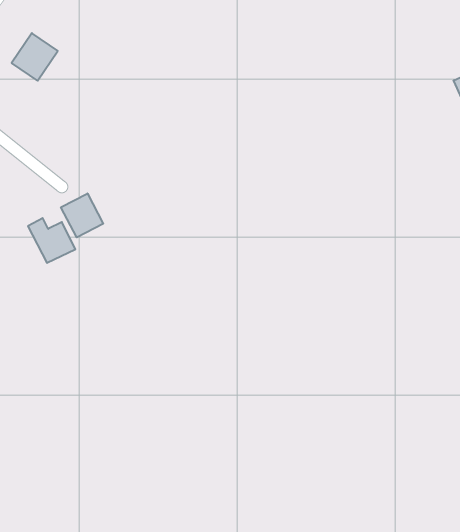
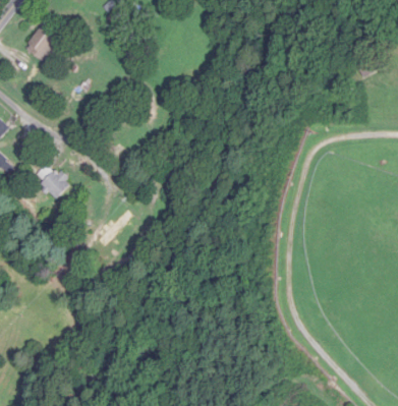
building: [61,193,103,237] -> none

